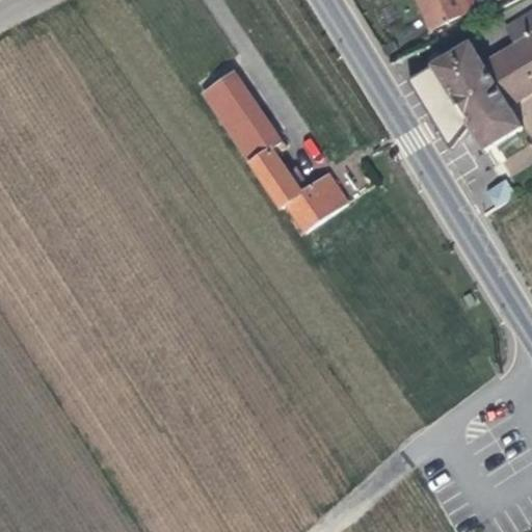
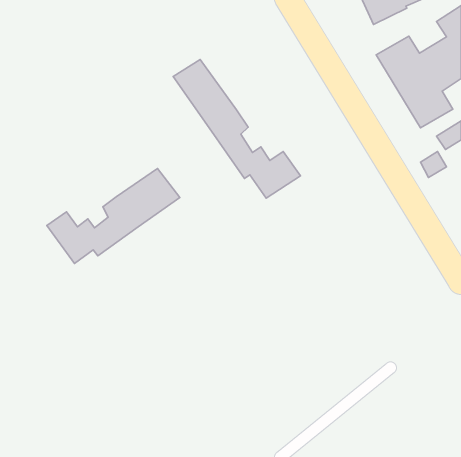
building: none -> [47,168,180,263]

